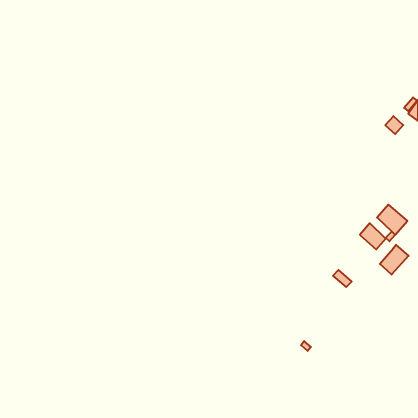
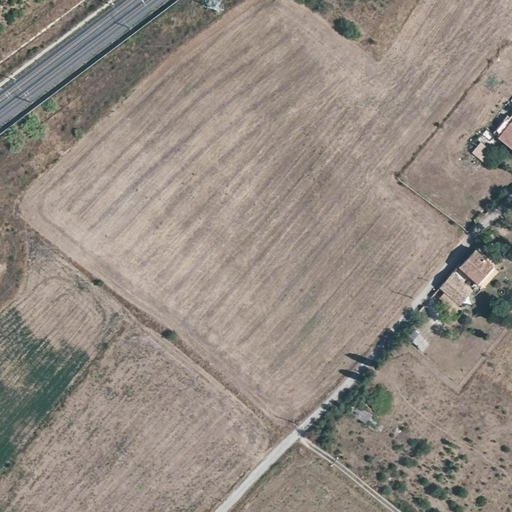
building: [380,245,409,275] -> none

